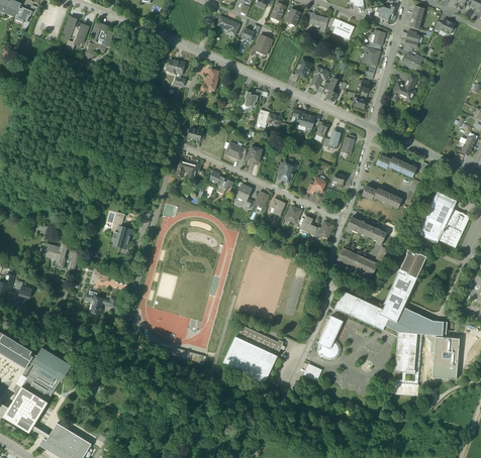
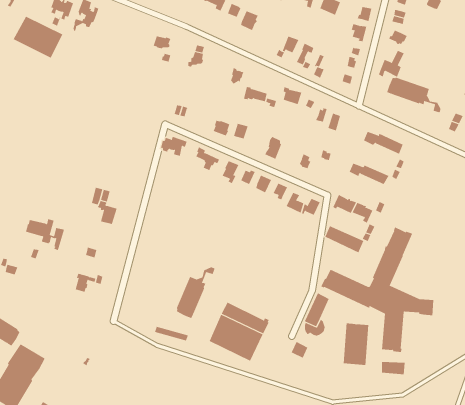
building: none -> [13,16,63,59]
building: none -> [386,77,441,113]
building: [416,192,470,247] -> none
building: none -> [176,266,215,319]
building: [432,337,459,379] -> [343,323,369,366]
building: [32,347,72,381] -> none

